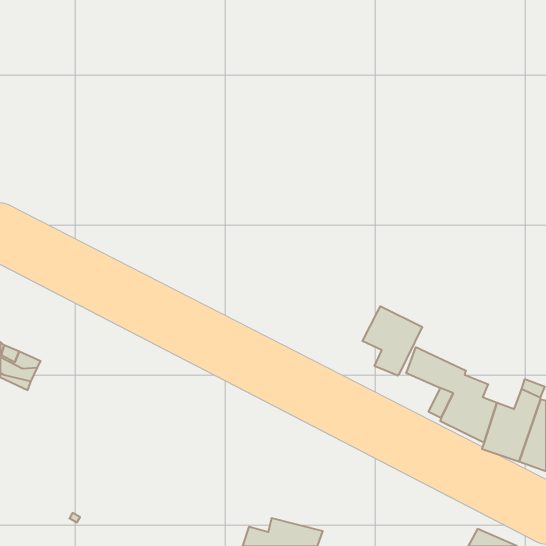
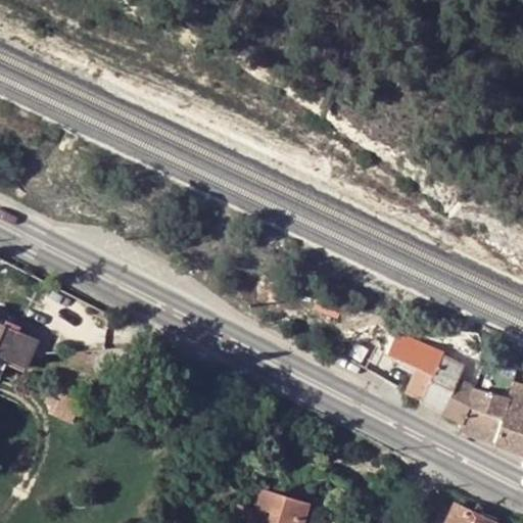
building: [362,306,422,376] -> none

